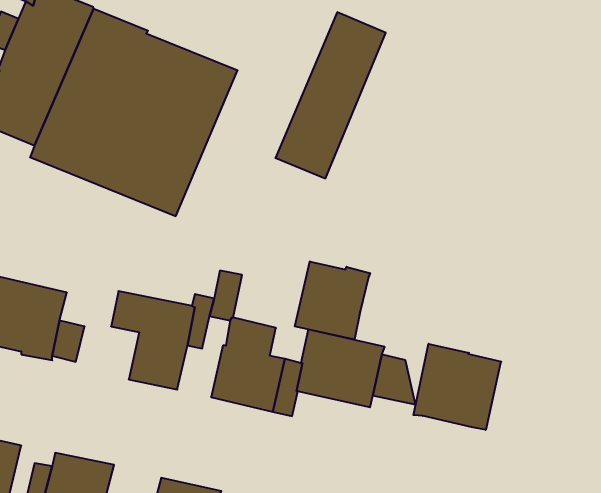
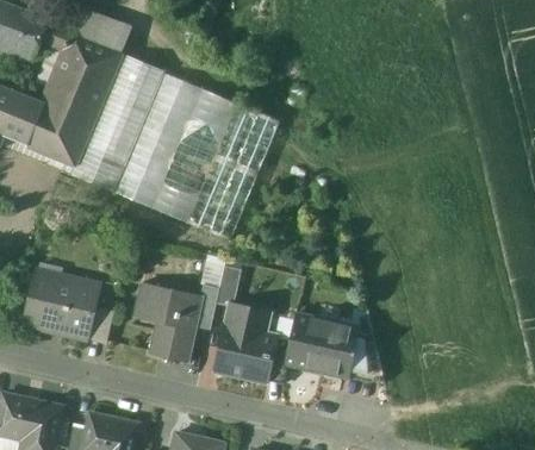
building: [275,12,386,178] -> [187,104,276,238]
building: [295,261,370,340] -> none
building: [413,344,501,430] -> none

